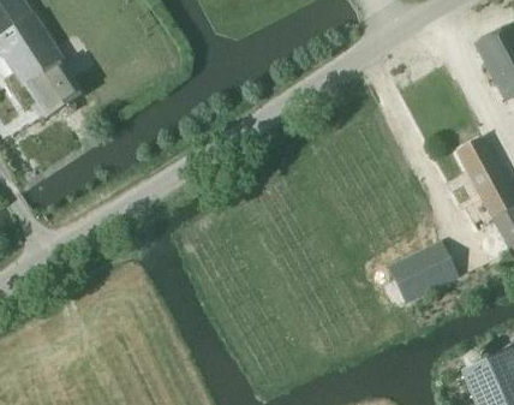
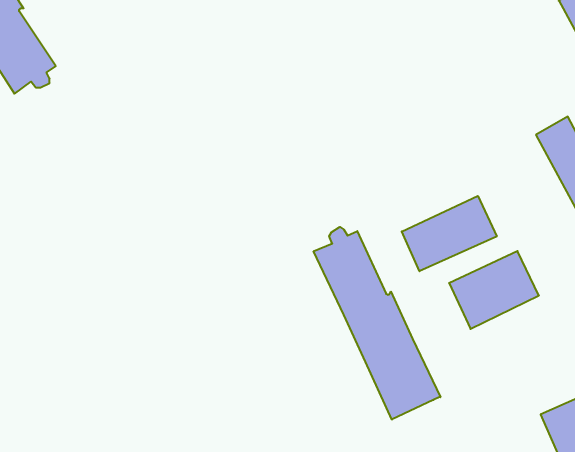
building: none -> [402,196,497,271]
building: none -> [314,227,440,420]

